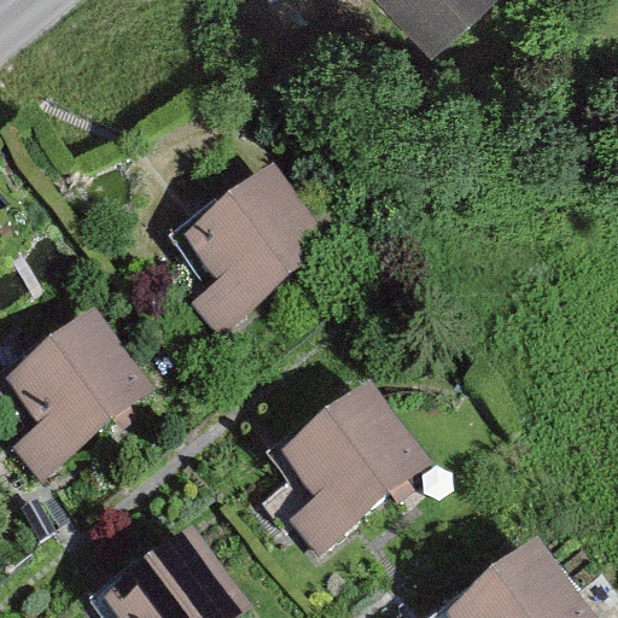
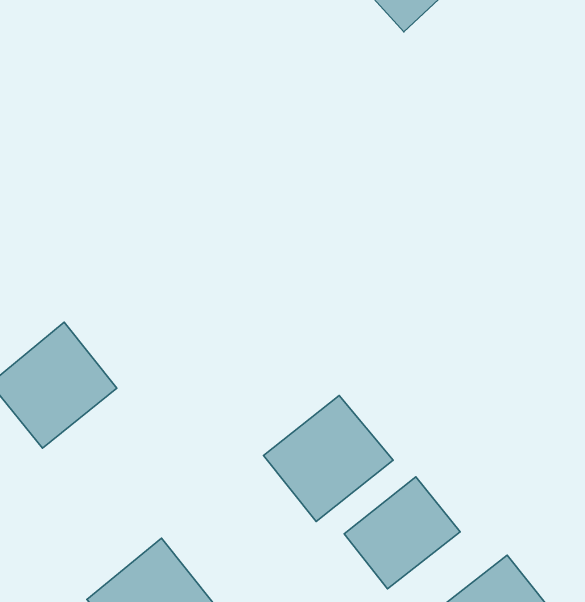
building: [186,183,314,310] -> none
building: none -> [344,477,460,589]

